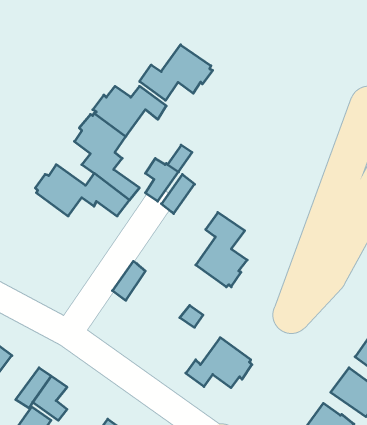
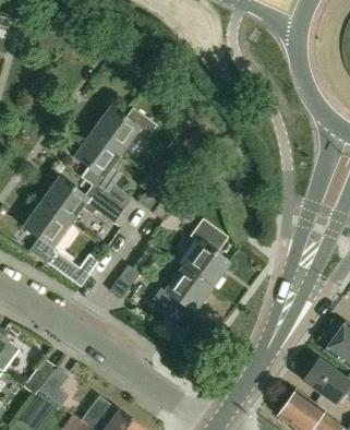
building: [140,45,213,100] -> none
building: none -> [23,202,88,286]
building: [186,338,252,388] -> [153,266,212,311]

